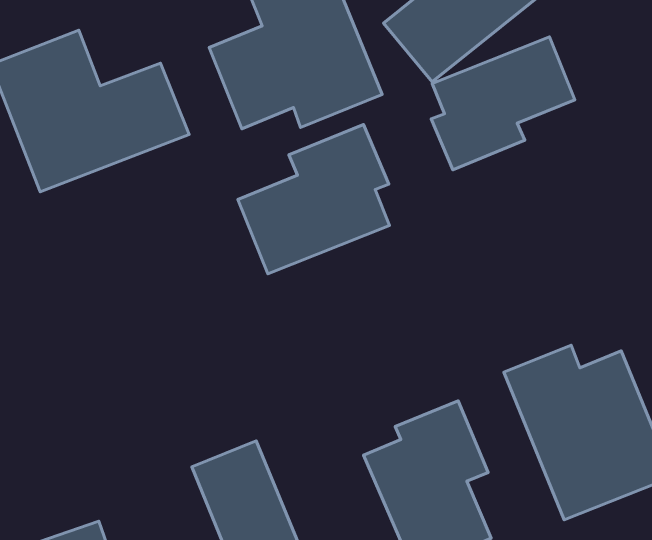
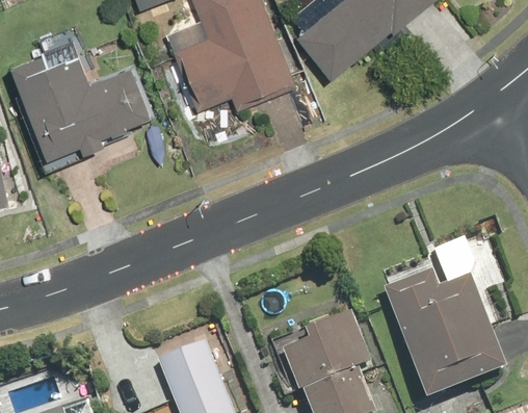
building: [431,37,575,170] -> none
building: [238,124,390,274] -> none

